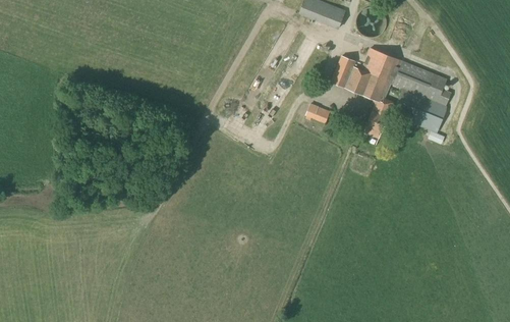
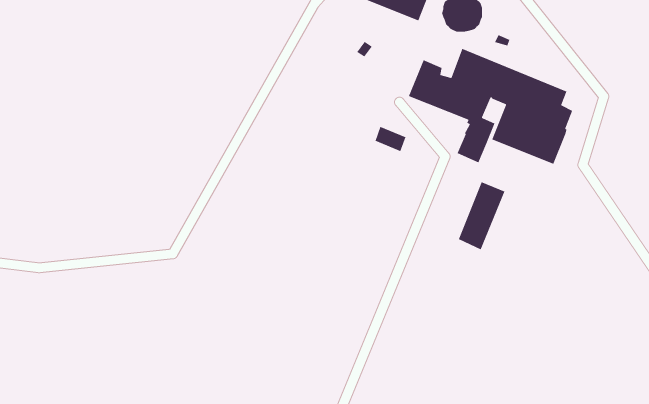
building: none -> [458,181,505,250]

